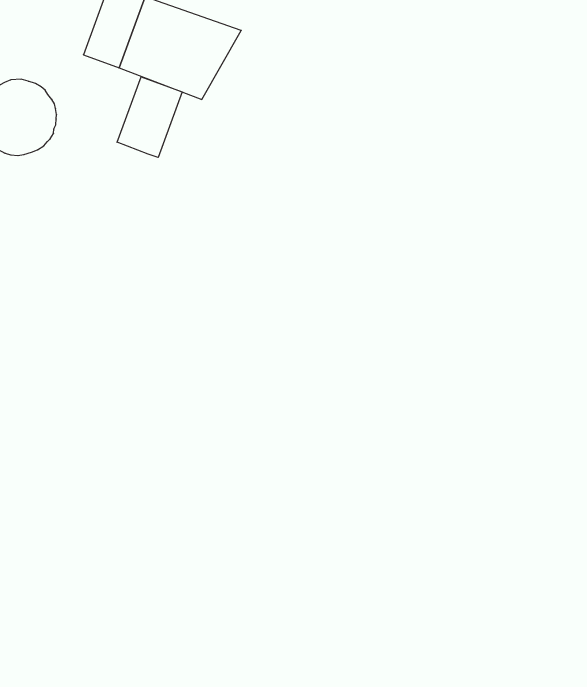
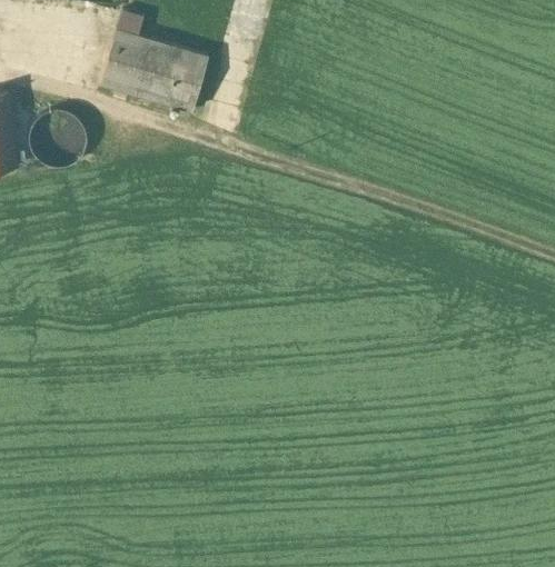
building: [117,77,182,157] -> none

